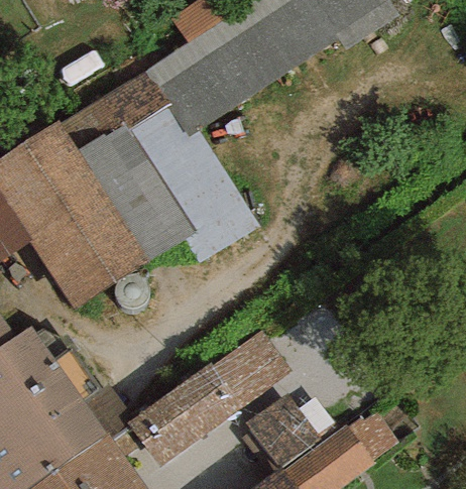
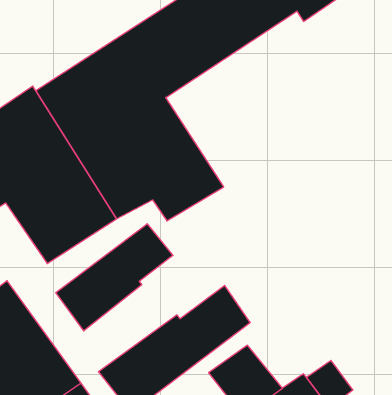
building: none -> [56,224,173,331]

